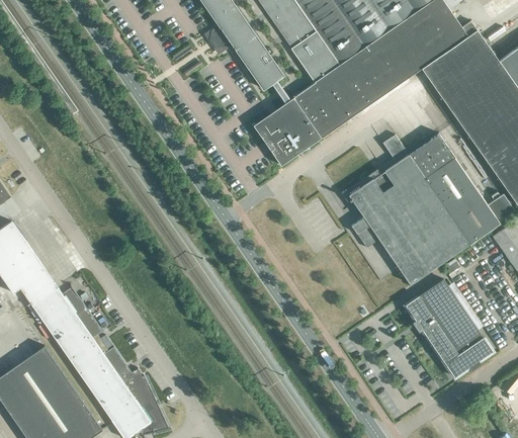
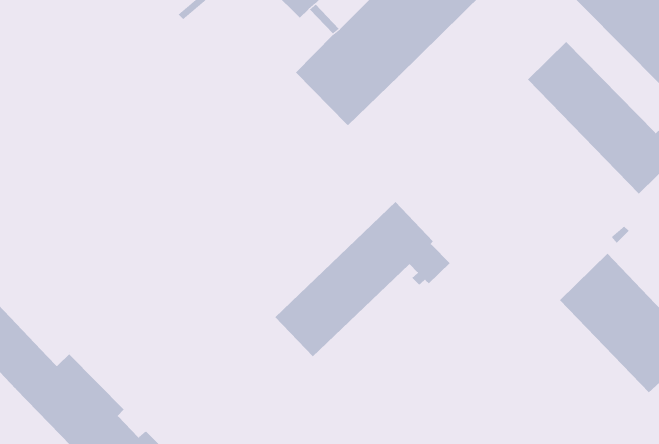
building: [341,135,469,284] -> none
building: none -> [275,201,451,357]

